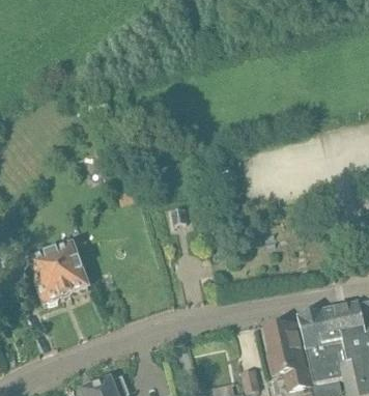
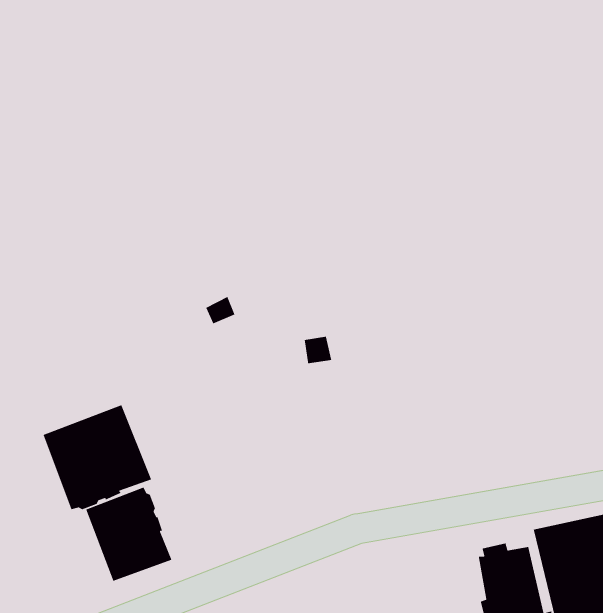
building: none -> [85,486,173,582]

